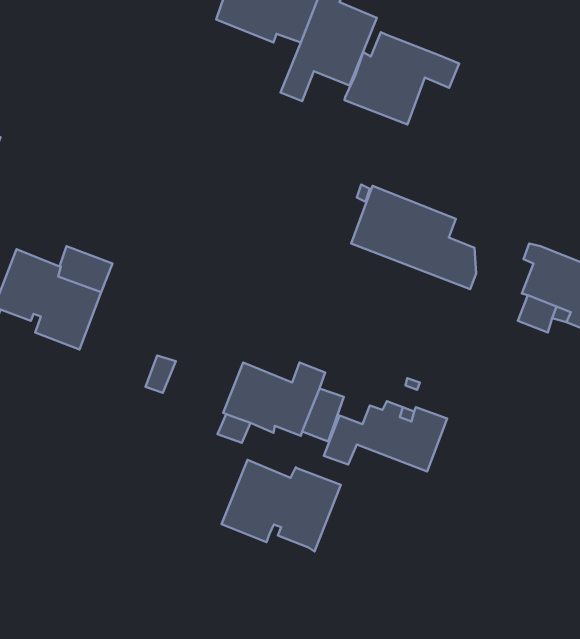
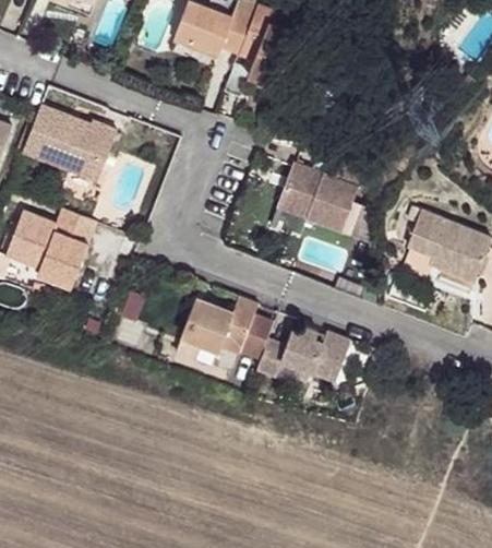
building: [345,32,459,125] -> none
building: none -> [23,105,116,181]
building: [221,460,341,552] -> none

